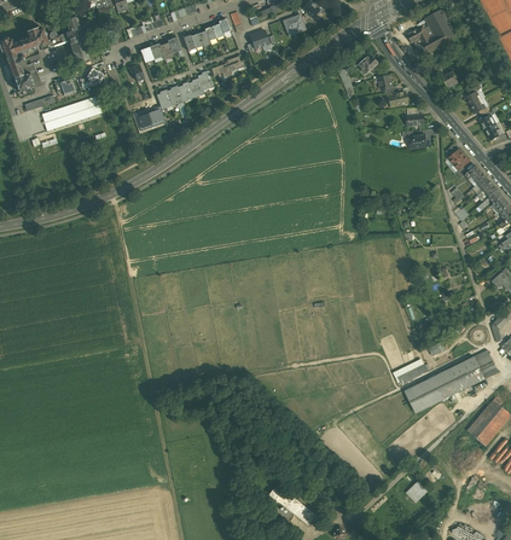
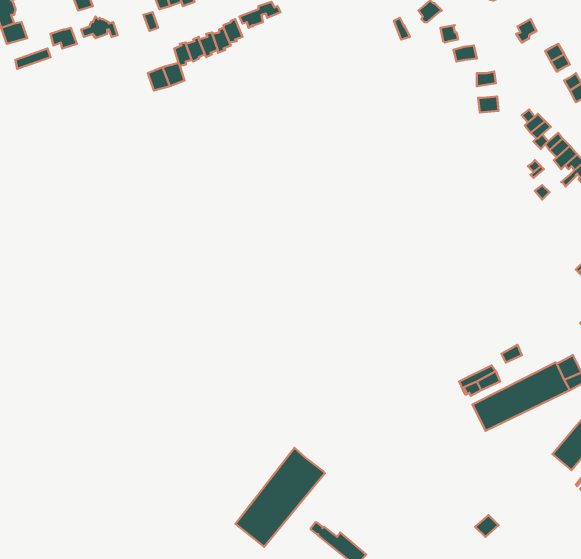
building: [41,95,101,130] -> none
building: none -> [236,448,325,547]

